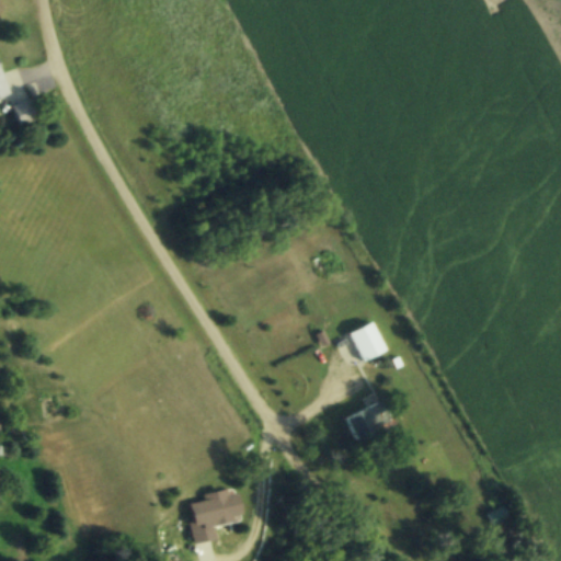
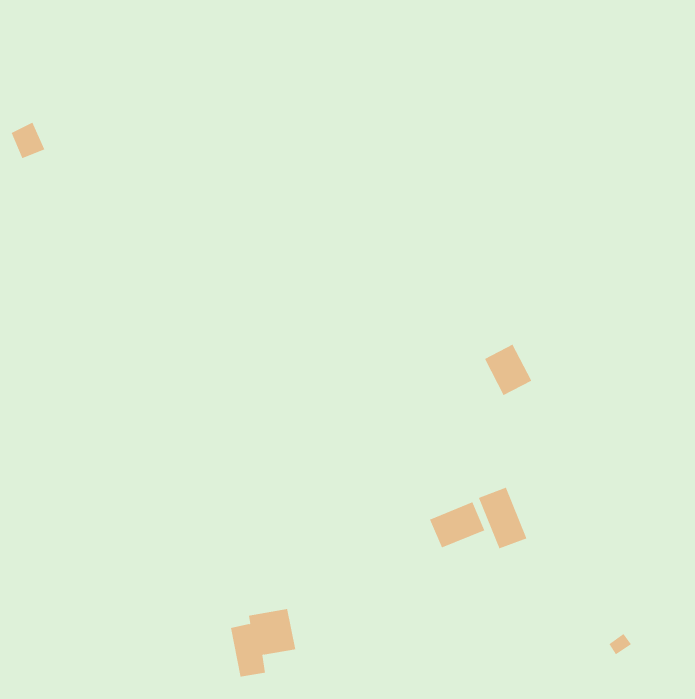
building: [348,321,387,363] -> [484,344,532,396]
building: none -> [478,487,527,549]

